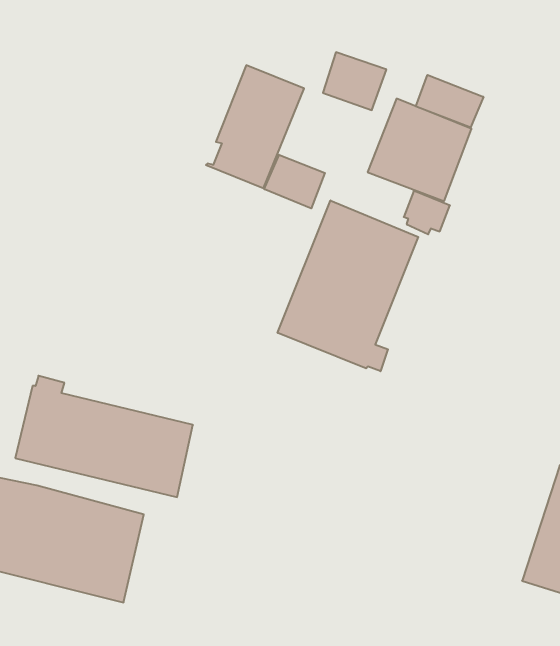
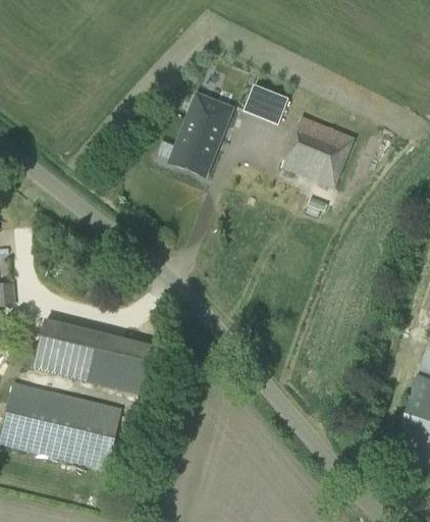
building: [416,75,483,127] -> none
building: [264,155,325,208] -> none
building: [278,200,418,371] -> none

